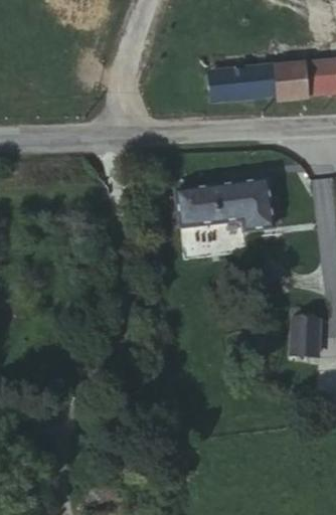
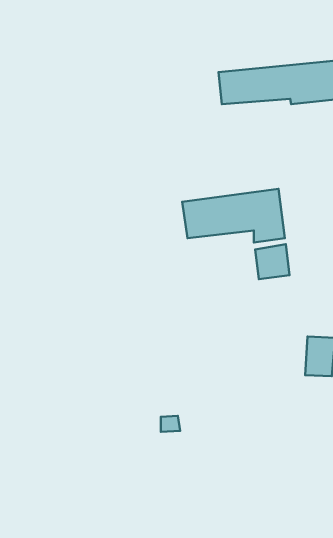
building: none -> [255,244,289,279]

